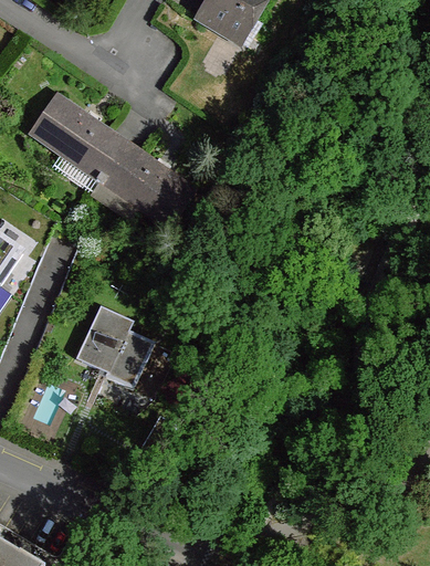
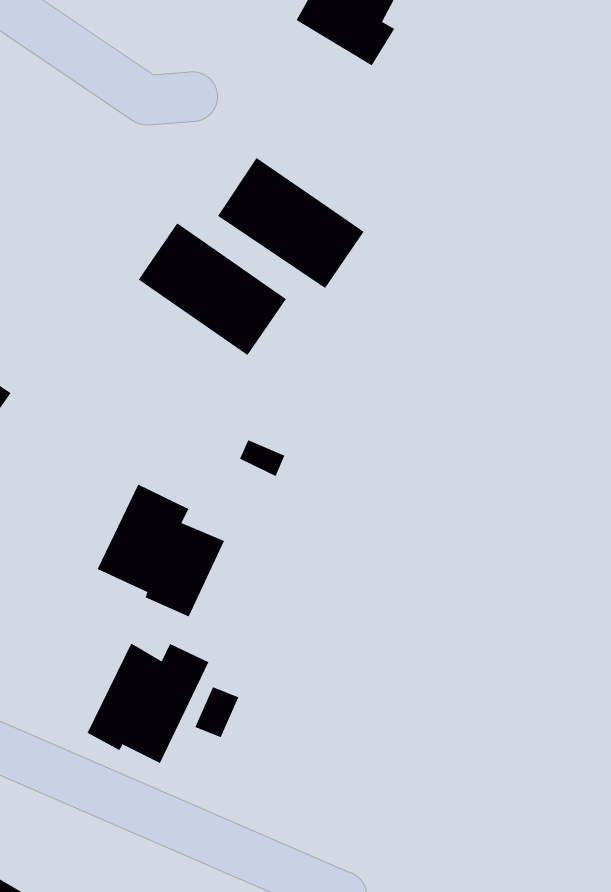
building: [32,96,124,178] -> [217,157,364,289]
building: none -> [87,643,209,764]

